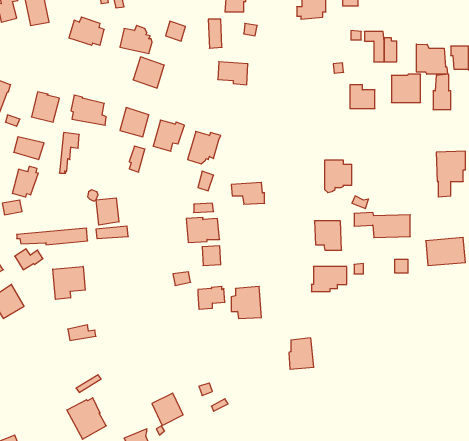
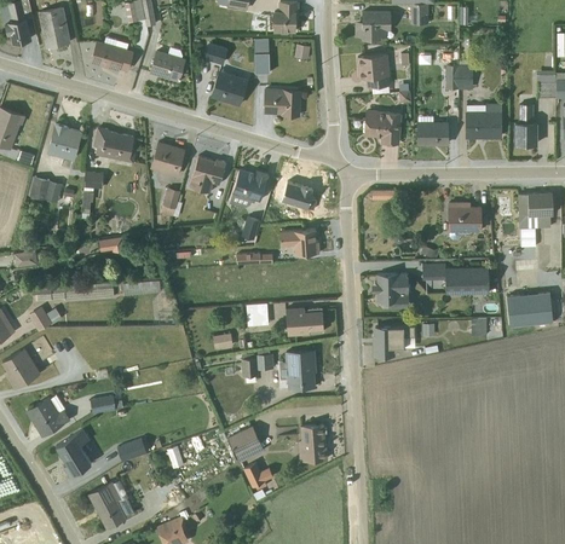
building: none -> [358,54,391,94]
building: [416,44,447,74] -> none
building: [133,57,164,88] -> [212,70,248,106]
building: none -> [365,112,400,144]
building: none -> [282,183,317,210]
building: [325,160,352,193] -> [449,203,480,241]
building: [12,166,38,197] -> none
building: [96,198,119,225] -> none
building: [186,218,220,242] -> [286,307,324,336]
building: [53,266,85,299] -> none
building: none -> [28,395,70,436]
building: [289,338,314,369] -> [299,426,328,462]
building: none -> [56,429,92,476]
building: [152,393,183,425] -> [229,426,265,463]

